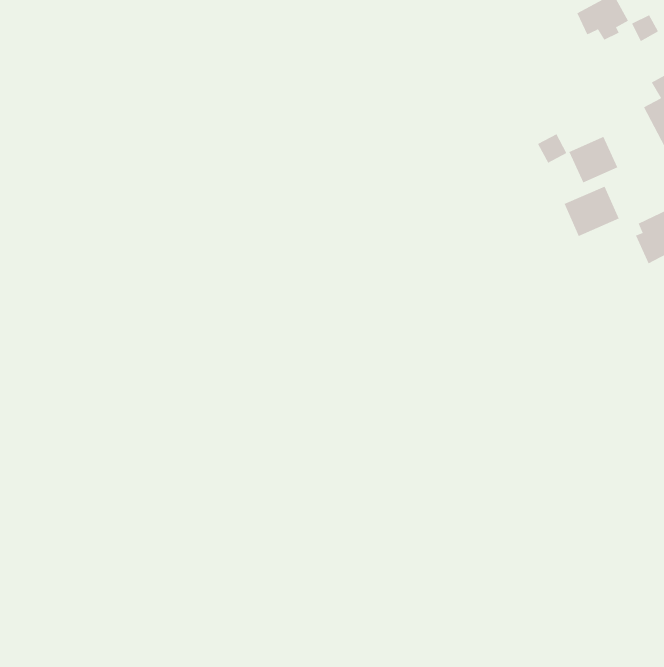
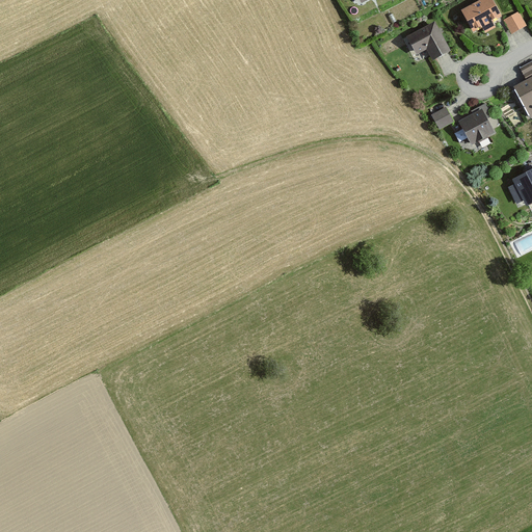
building: none -> [403,20,451,59]
building: [564,186,619,237] -> none

